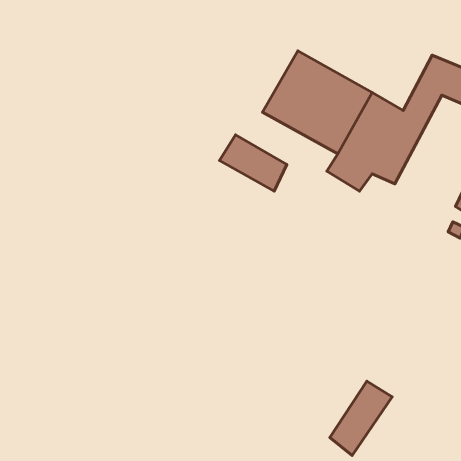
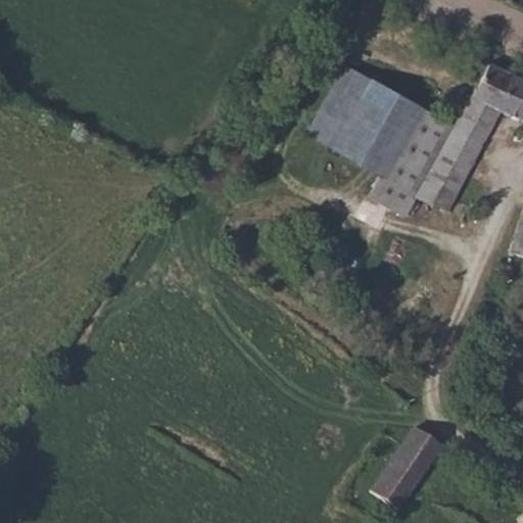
building: [220,135,287,191] -> none

